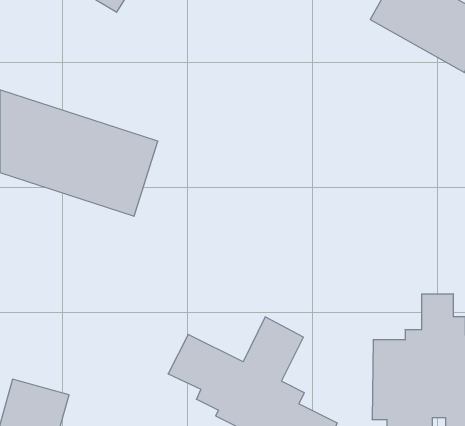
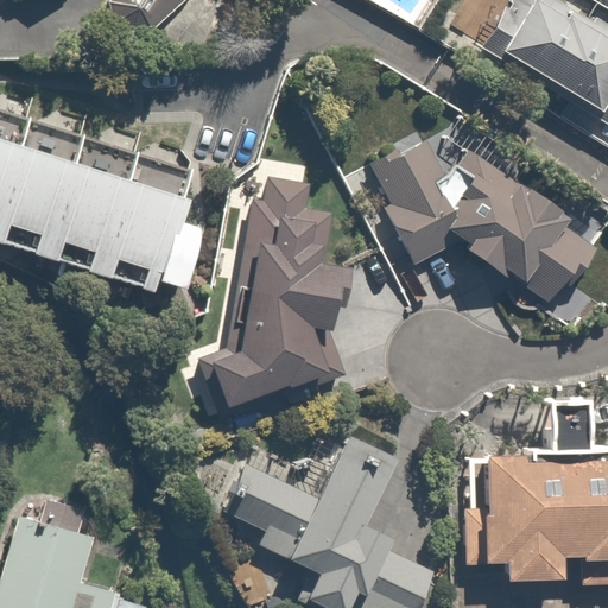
building: none -> [375,137,601,304]
building: none -> [203,173,354,408]

